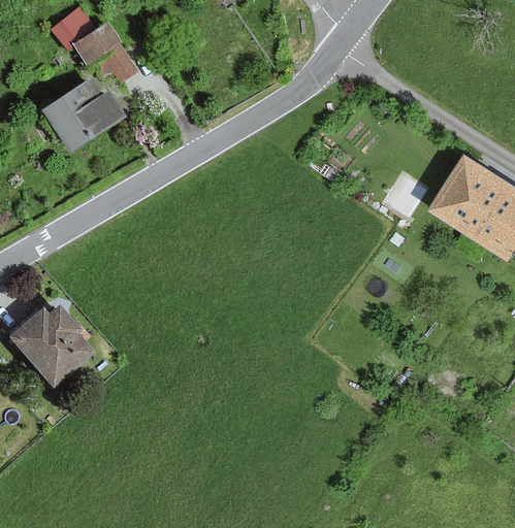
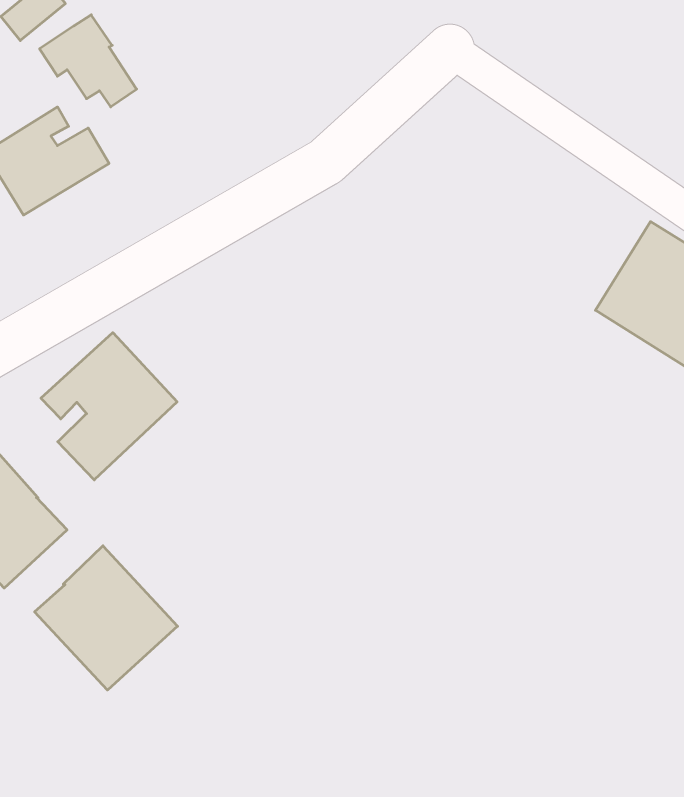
building: none -> [41,333,177,480]
building: none -> [35,546,178,690]

